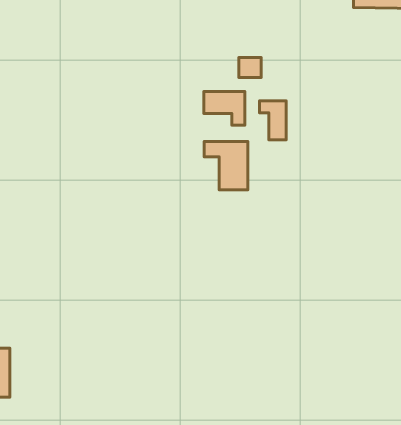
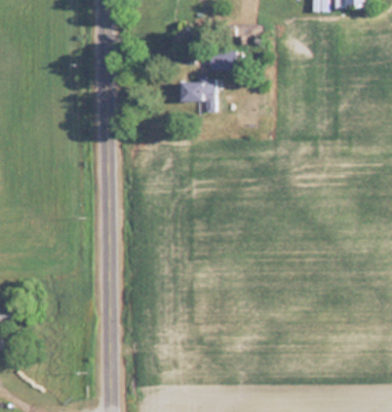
building: [260,101,286,140] -> none
building: [204,142,248,190] -> none

